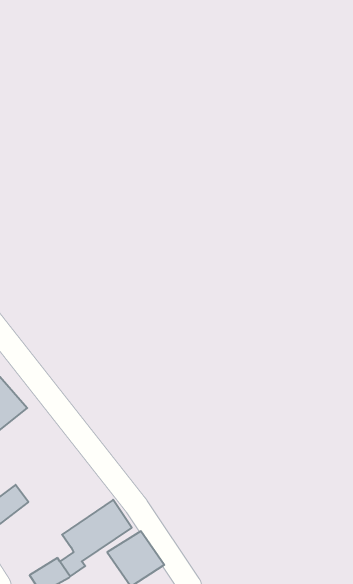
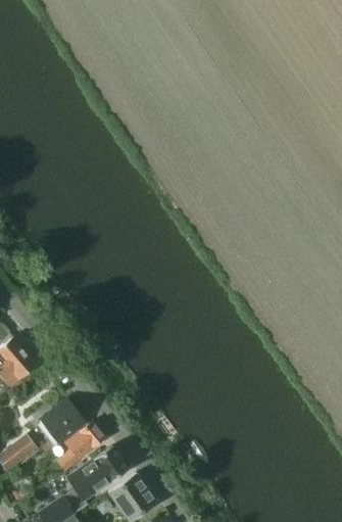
building: none -> [40,398,85,442]
building: none -> [56,422,104,470]

